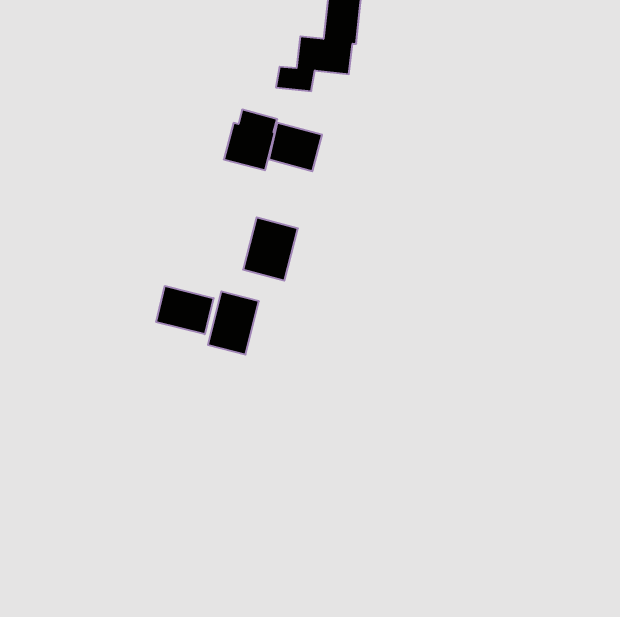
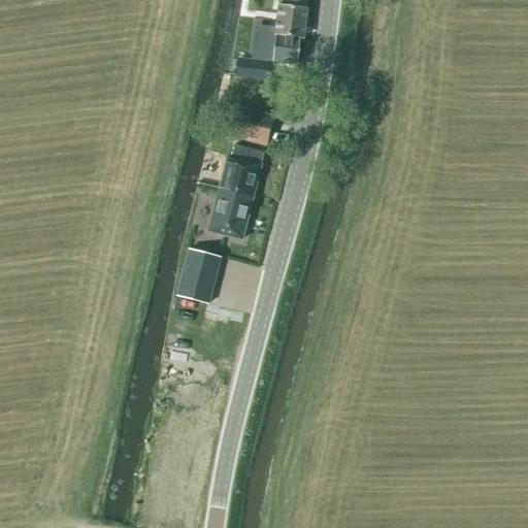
building: [224,110,277,170] -> [219,142,264,194]
building: [156,286,214,334] -> none

